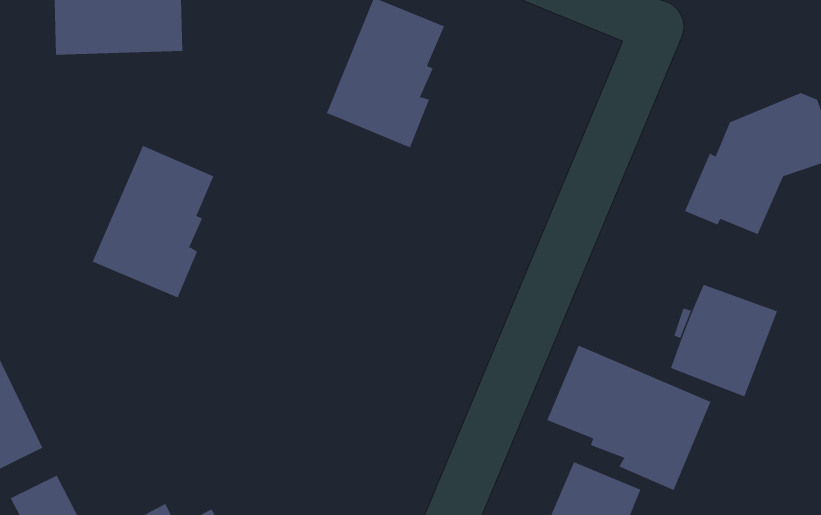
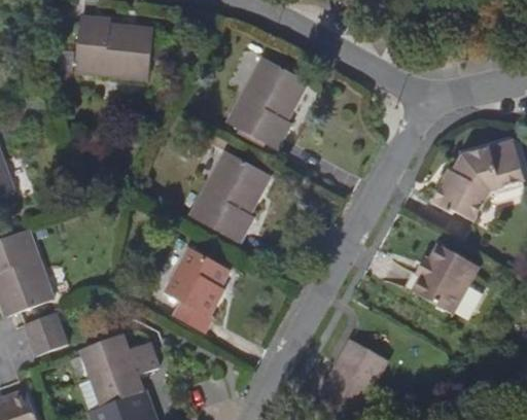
building: [92,145,214,298] -> [192,153,269,244]
building: none -> [168,248,231,331]
building: [547,345,711,491] -> none

